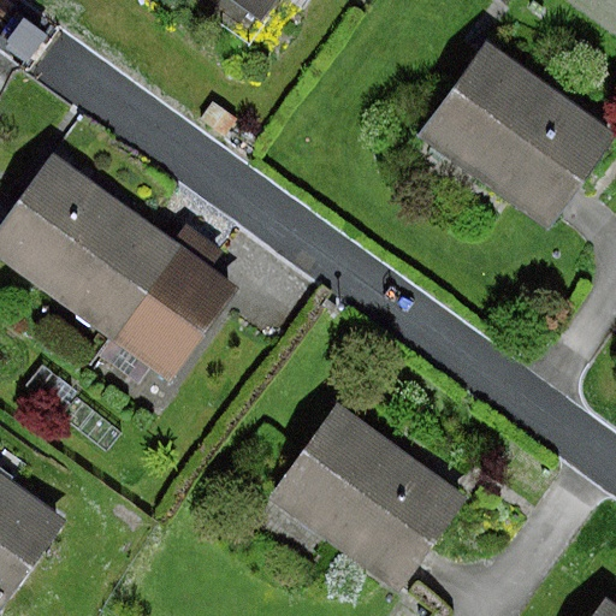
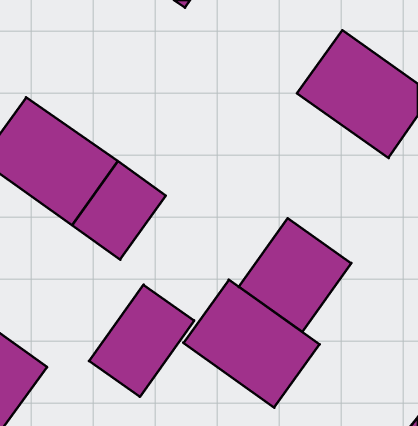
building: none -> [239,218,351,332]
building: none -> [89,285,194,397]

